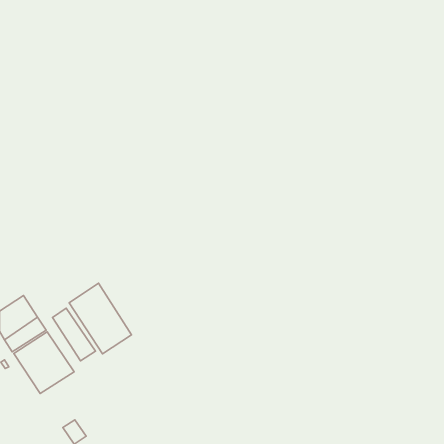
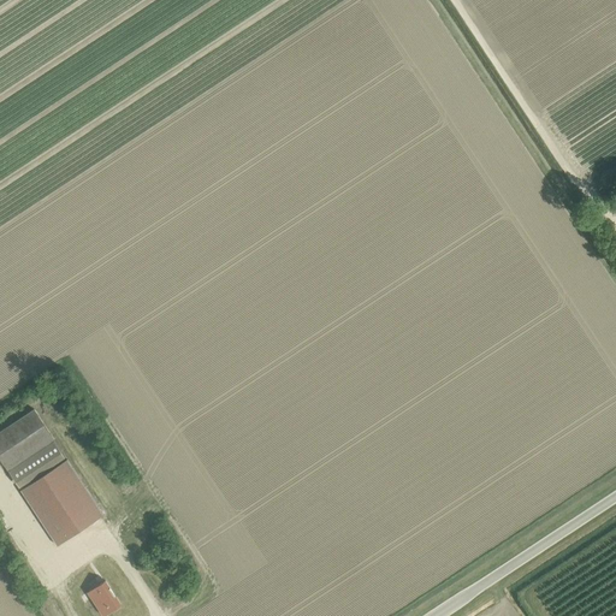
building: [69,283,132,354] -> none
building: [53,308,95,361] -> none

